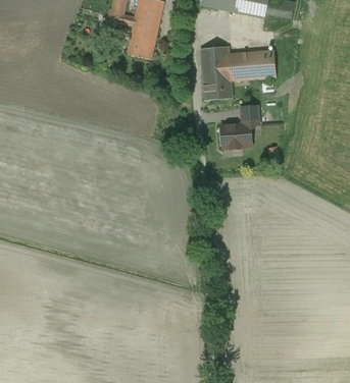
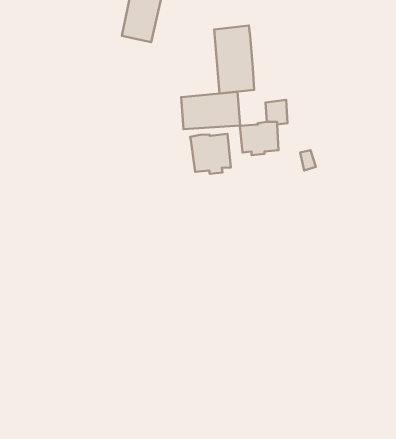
building: [229,50,276,79] -> [181,92,240,129]
building: none -> [190,134,231,174]

